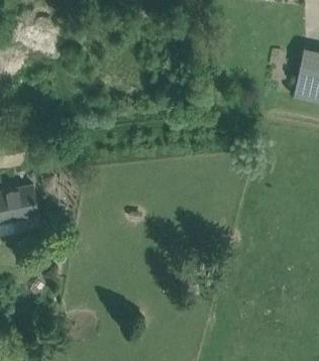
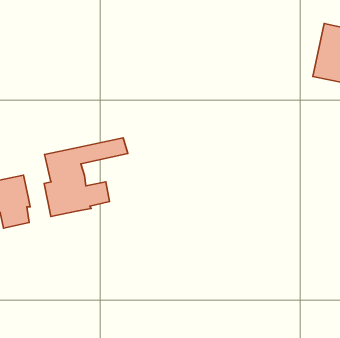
building: none -> [44,138,128,216]

